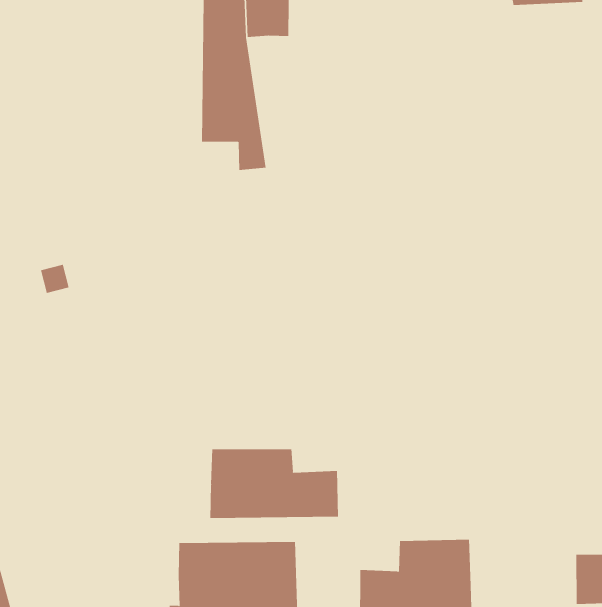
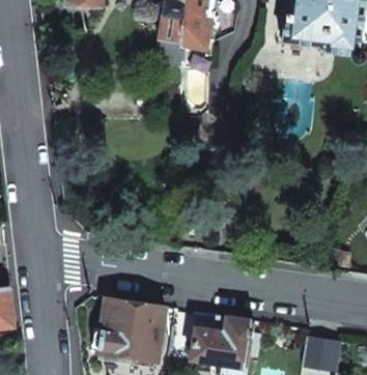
building: [210,449,338,519] -> none

